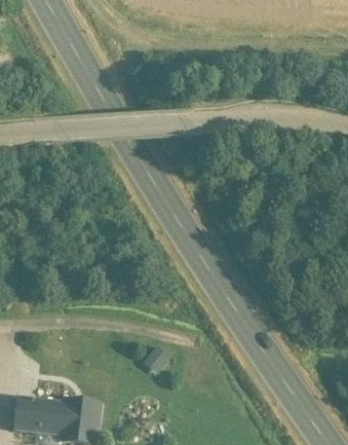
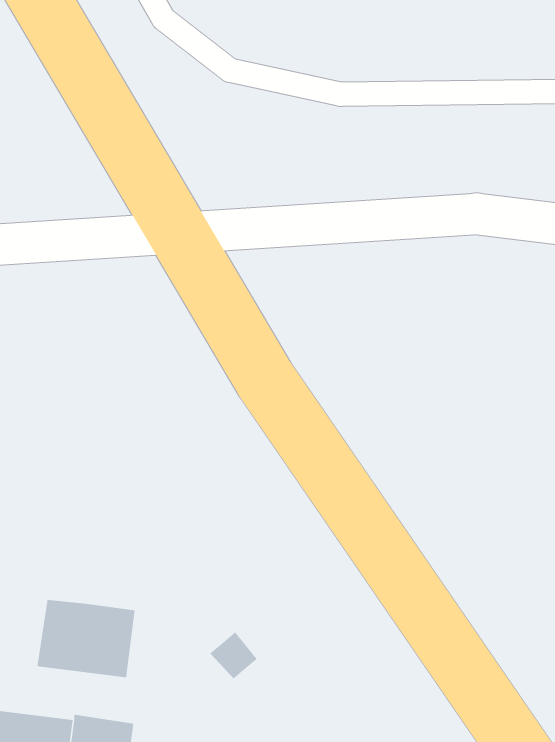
building: none -> [37,599,135,678]

